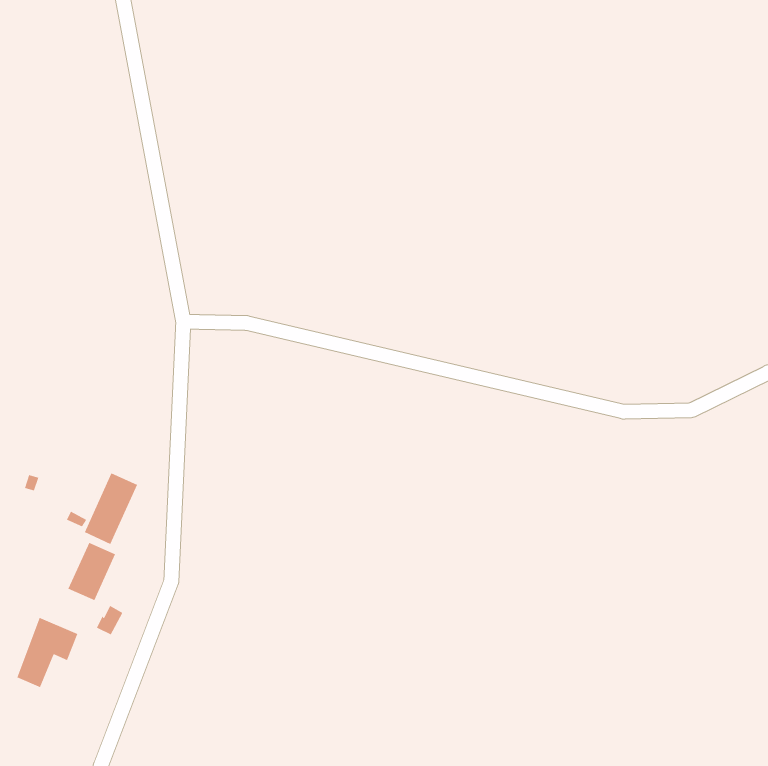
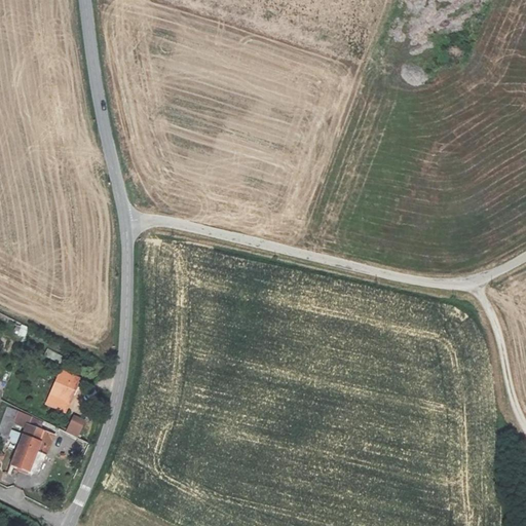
building: [84,472,138,545] -> none

